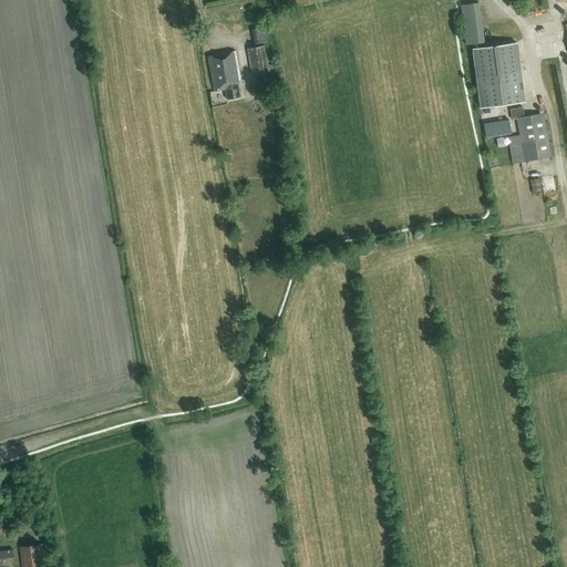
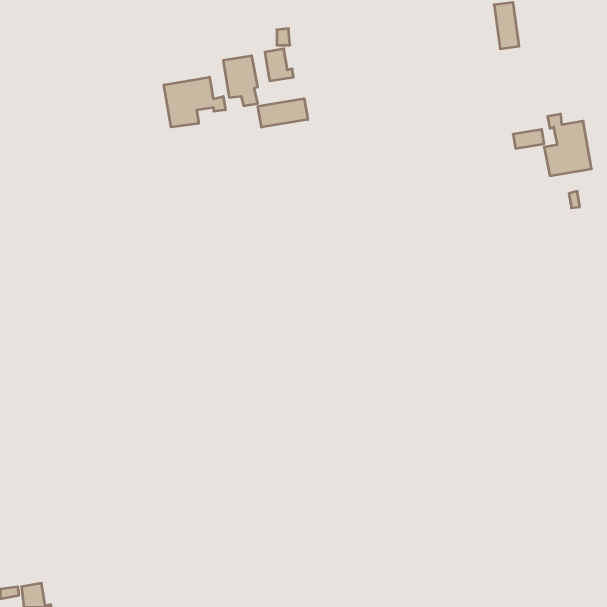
building: [472,42,525,107] -> none
building: none -> [164,77,225,127]
building: none -> [258,99,308,127]

